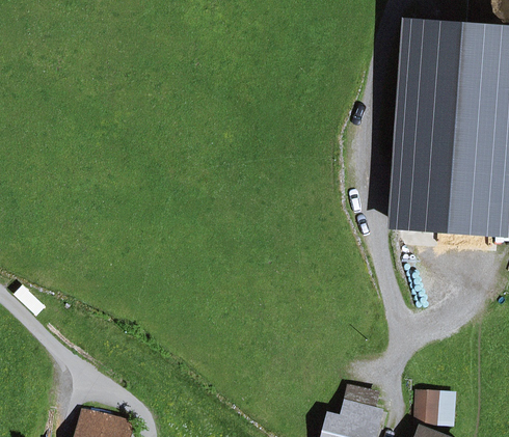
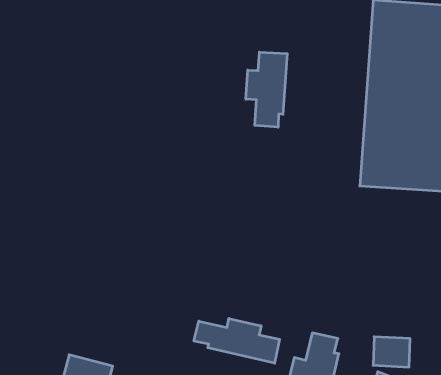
building: none -> [246,52,287,127]
building: none -> [194,318,280,363]

